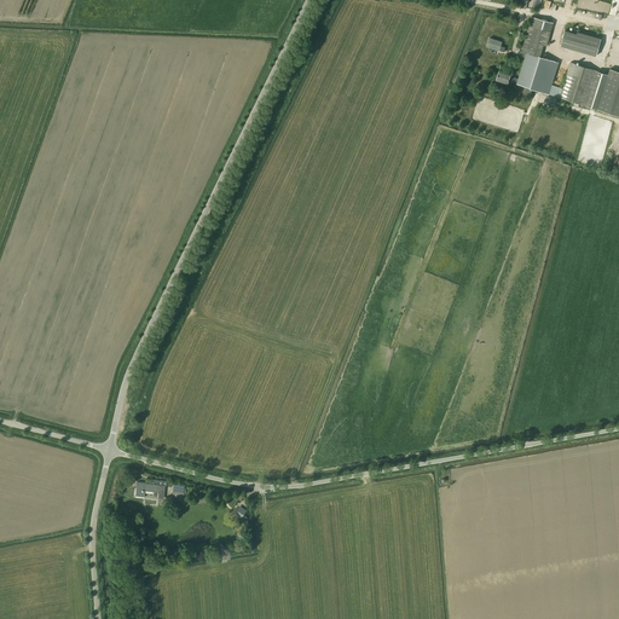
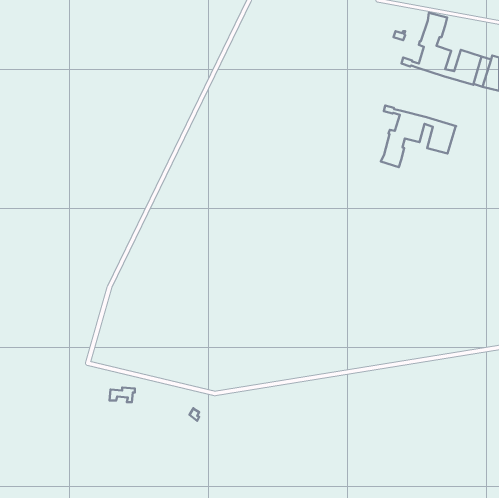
building: [561,31,601,57] -> none
building: none -> [381,105,456,167]

